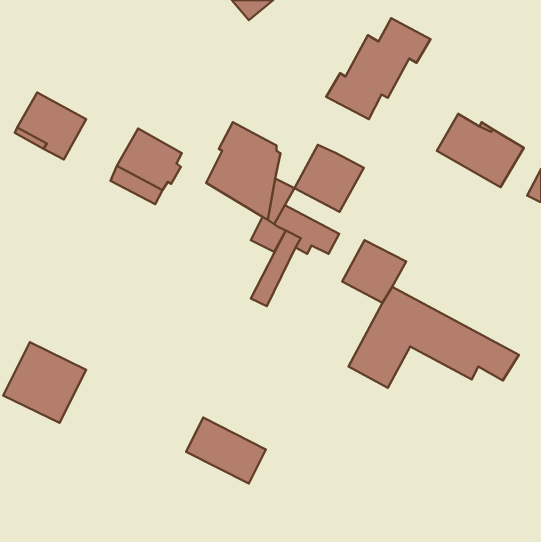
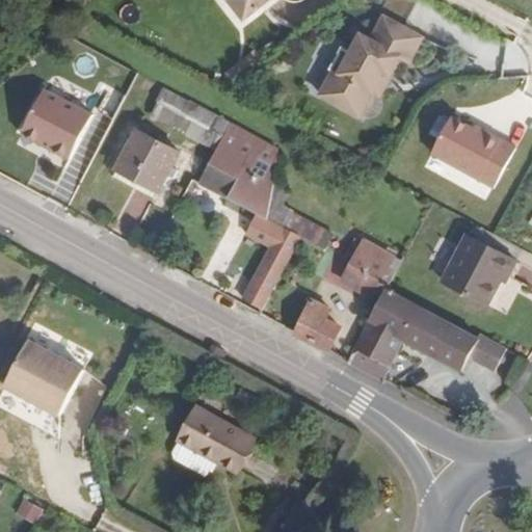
building: none -> [152,88,228,147]
building: [294,145,364,212] -> none
building: none -> [436,232,515,304]
building: none -> [287,297,331,348]

